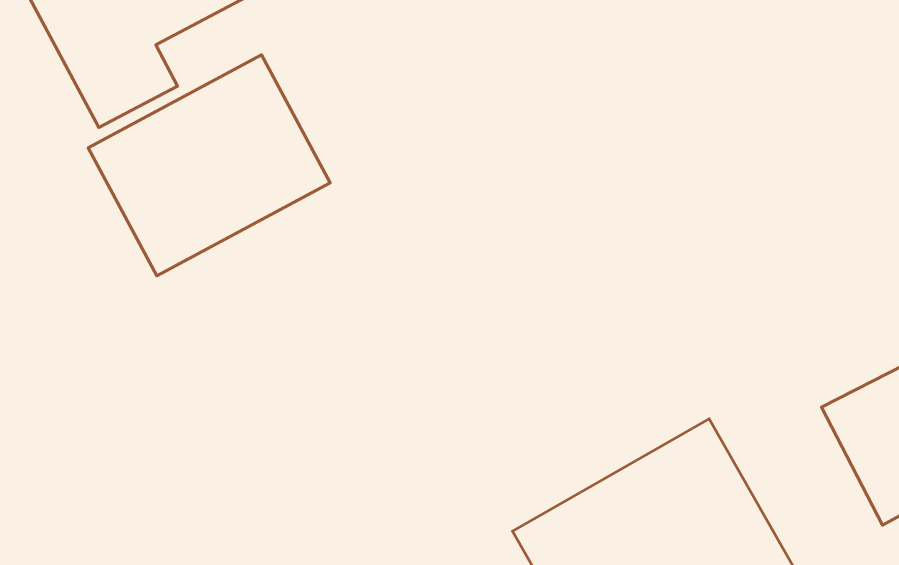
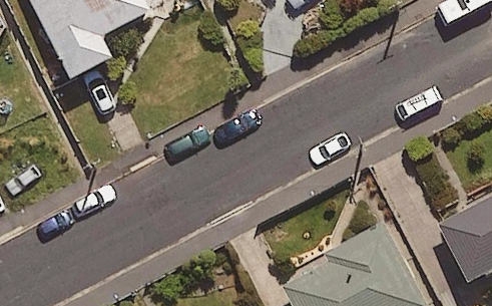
building: [88,55,330,276] -> none

